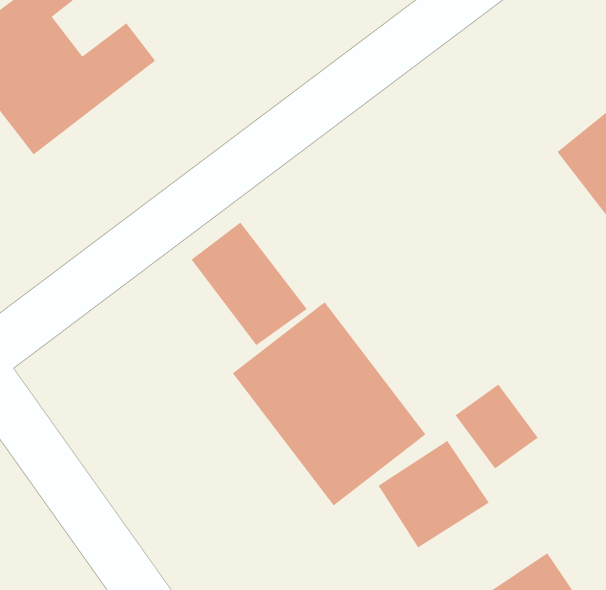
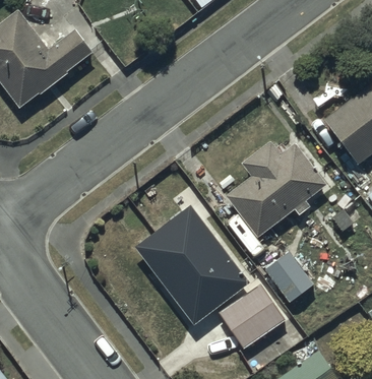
building: none -> [225,139,325,235]
building: [191,222,308,346] -> none

